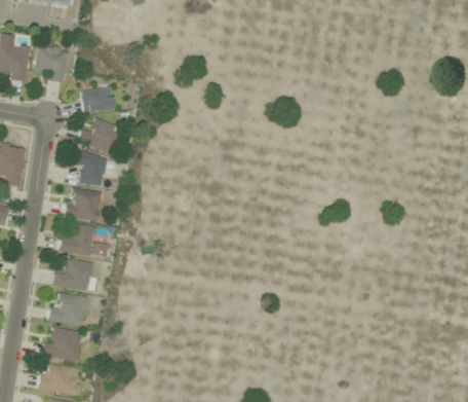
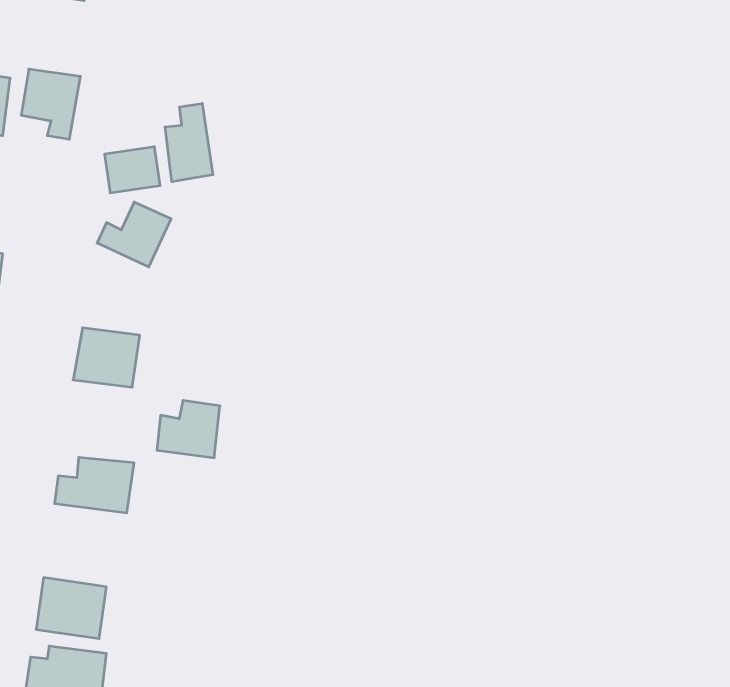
building: none -> [165,103,213,182]
building: [72,151,106,186] -> none
building: [60,224,94,256] -> [157,400,220,458]
building: [48,294,85,326] -> none

